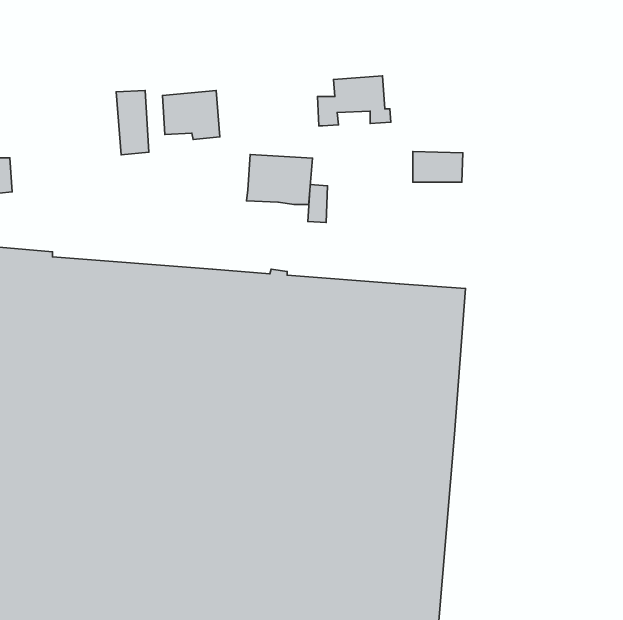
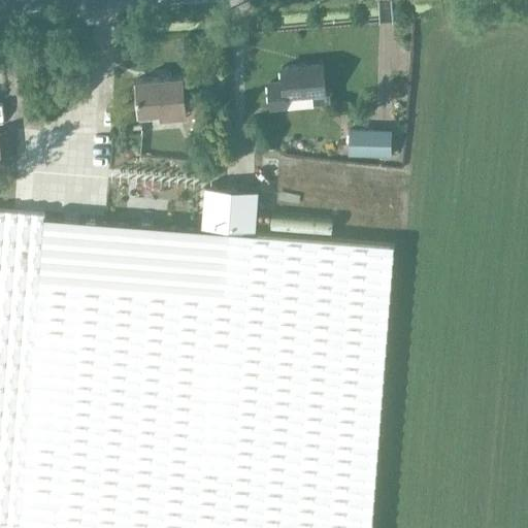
building: [116,90,149,155] -> none
building: [247,155,312,205] -> [202,191,258,233]

